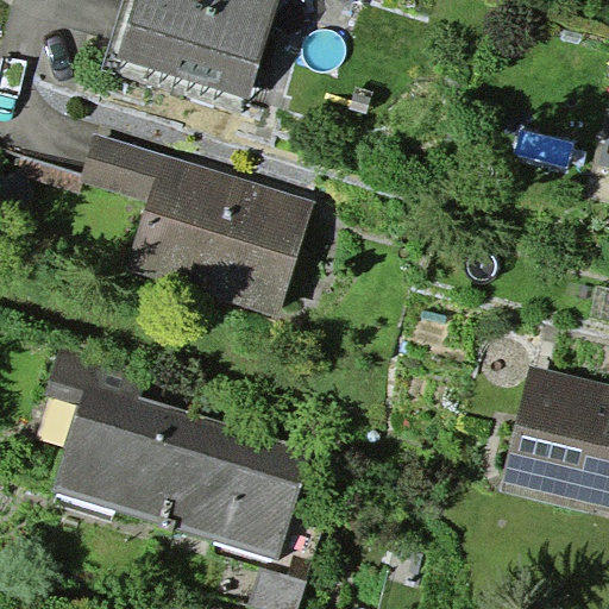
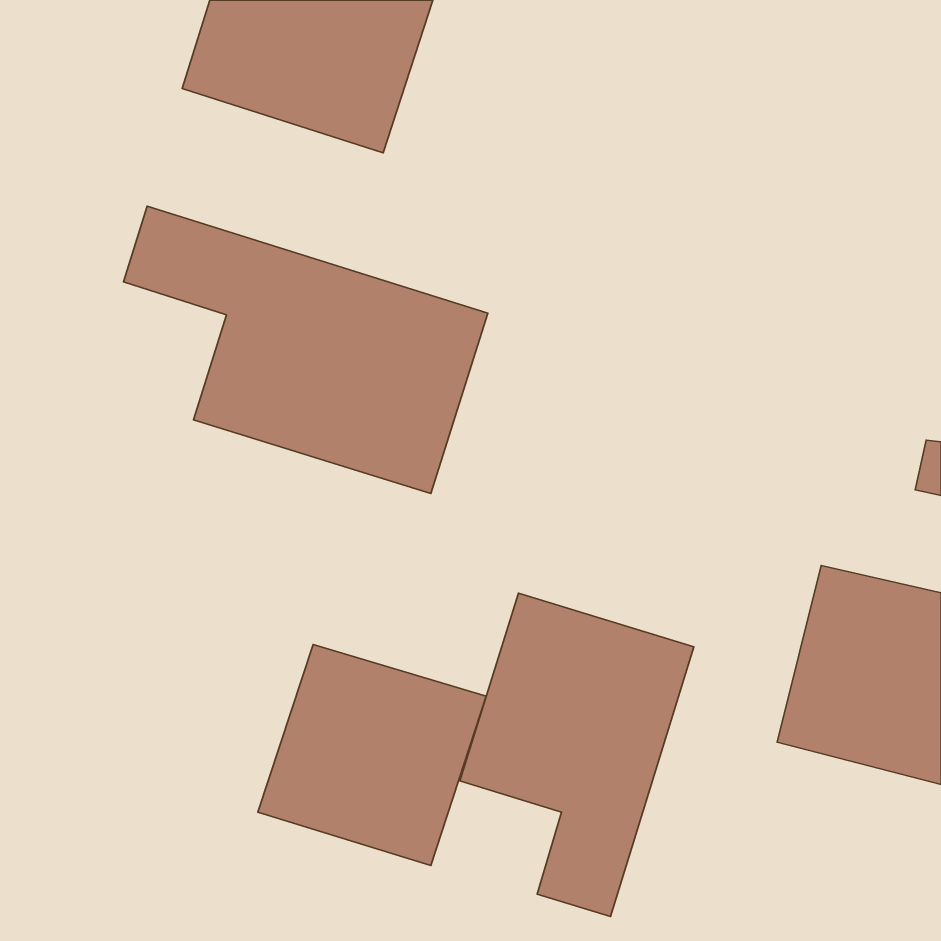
building: [45,349,202,525] -> none
building: none -> [460,593,694,917]

